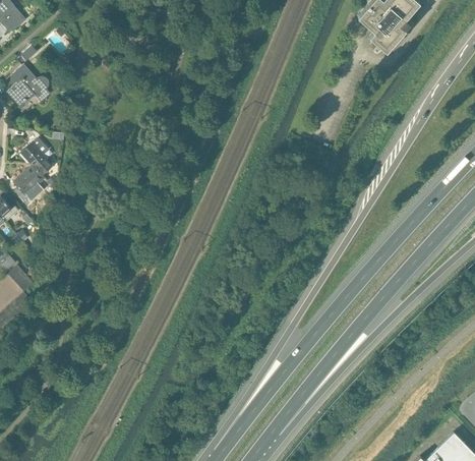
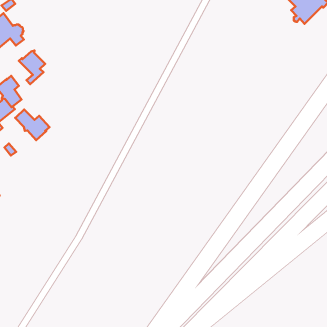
building: none -> [19,50,45,84]
building: none -> [15,109,50,140]

